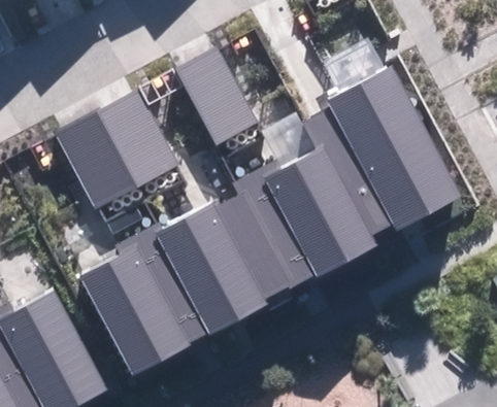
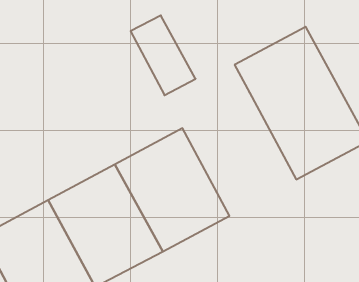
building: [60,96,174,206] -> none
building: [241,142,376,289] -> none

